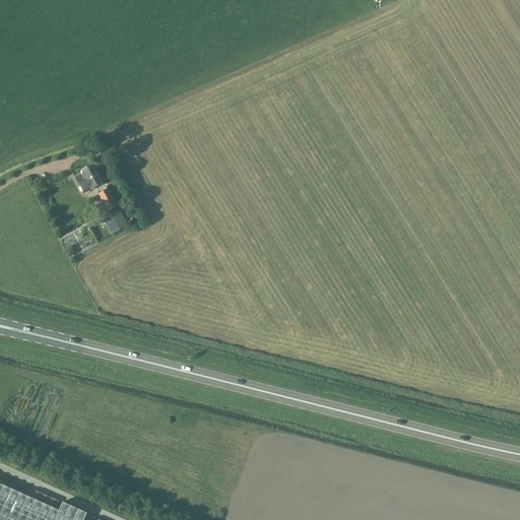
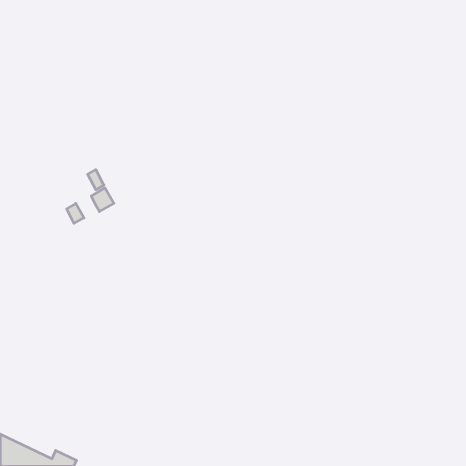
building: [74,168,104,194] -> none

